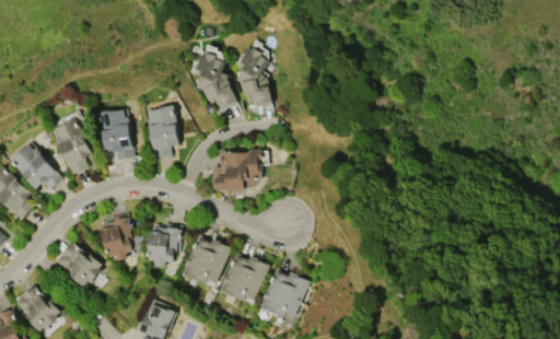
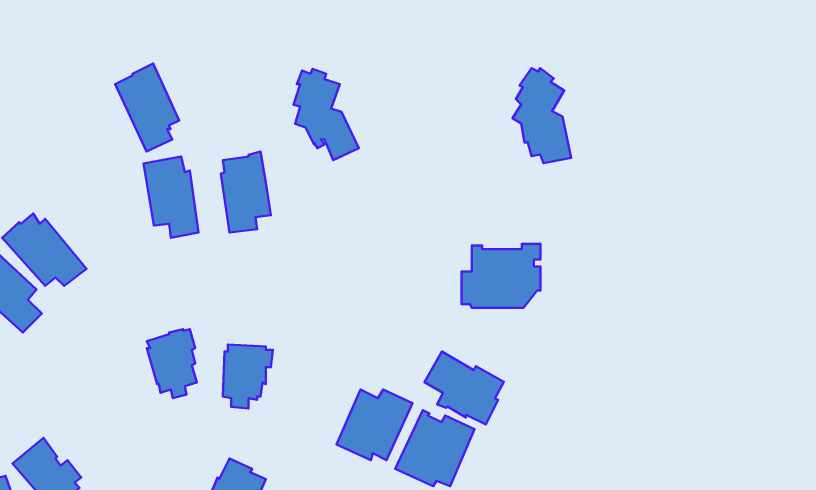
building: [234,47,271,107] -> [512,68,571,163]
building: [51,118,92,174] -> [115,64,179,151]
building: [211,150,261,190] -> [461,244,541,308]
building: none -> [425,351,504,424]
building: [183,238,231,283] -> none
building: [56,243,101,285] -> none

